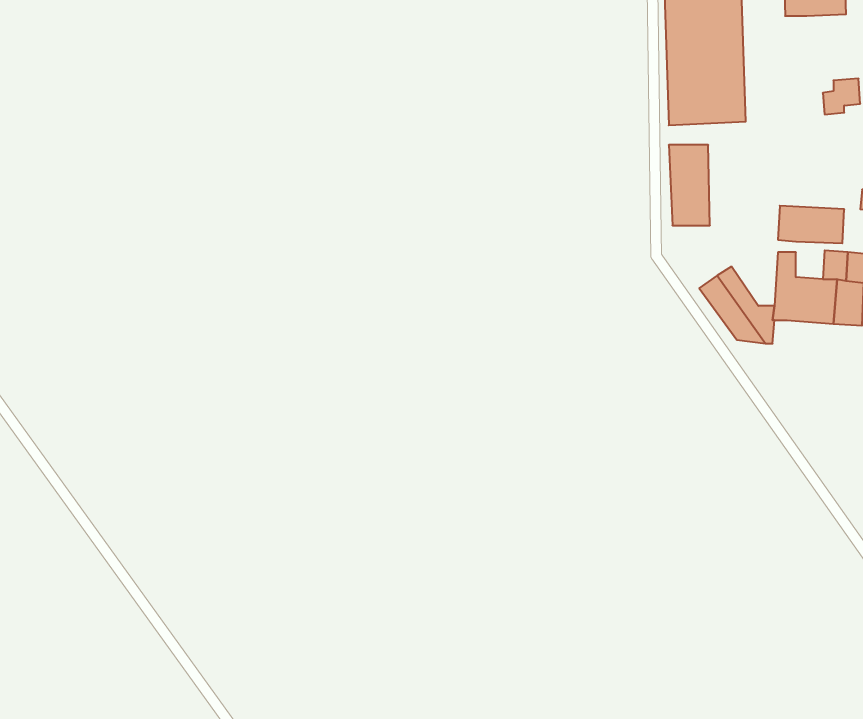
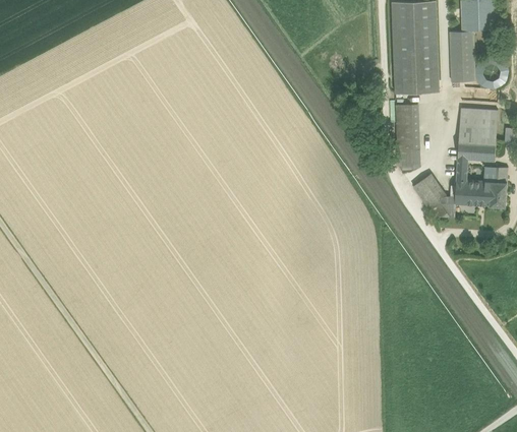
building: none -> [449,32,475,82]
building: none -> [458,109,497,141]
building: none -> [397,150,419,171]

